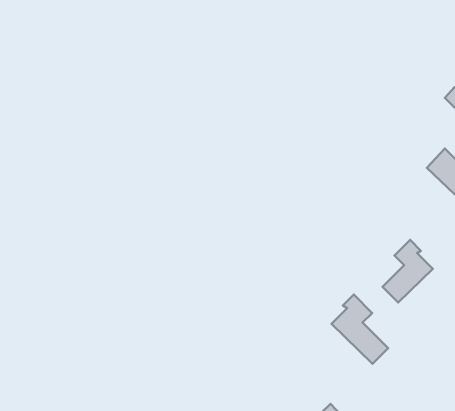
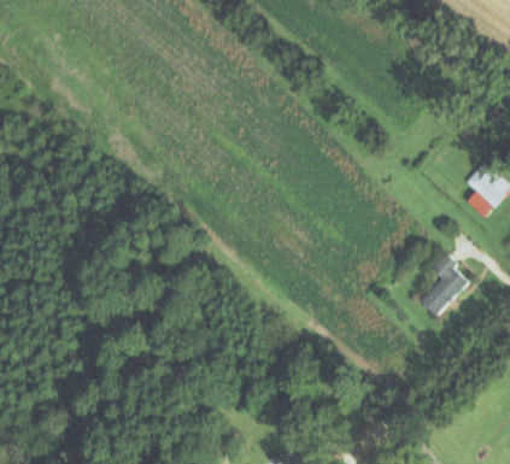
building: [332,295,388,364] -> none

